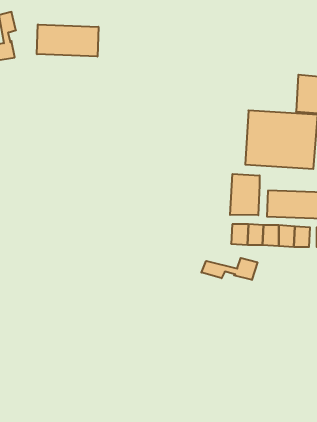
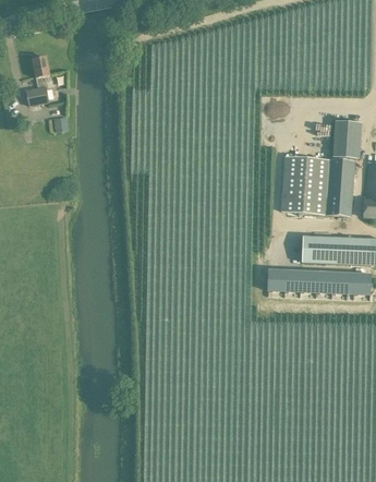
building: [37,24,98,57] -> none
building: [230,174,260,215] -> none
building: [201,258,257,280] -> none

